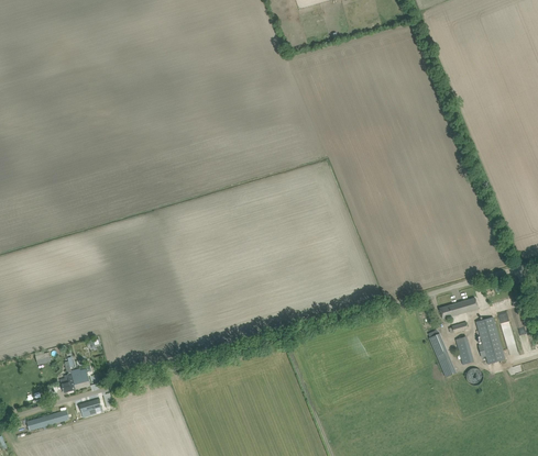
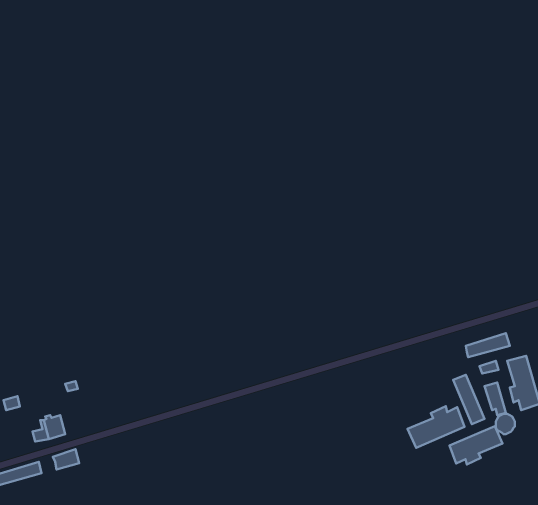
building: none -> [408,406,465,448]
building: none -> [449,426,503,464]

